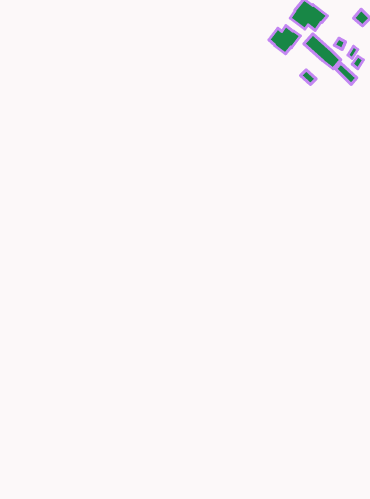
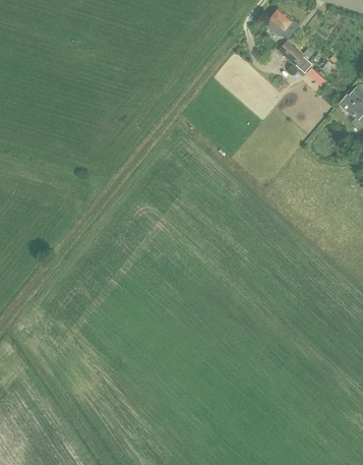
building: [269,26,301,54] -> none

